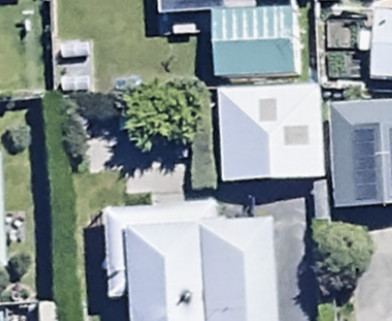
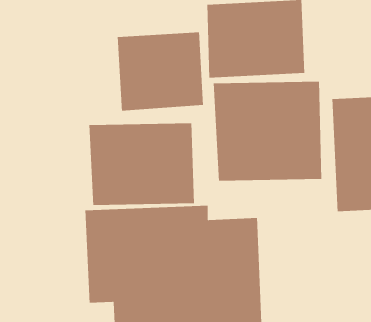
building: none -> [117,31,204,112]
building: none -> [89,122,195,206]

